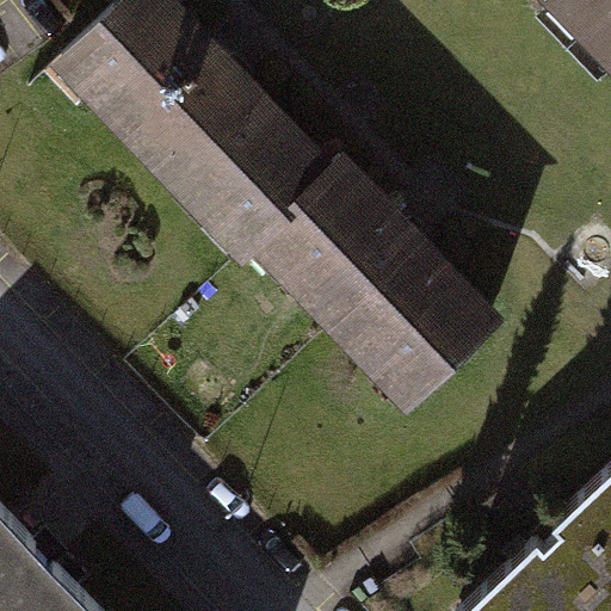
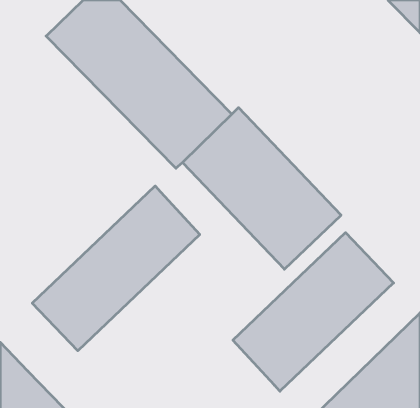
building: none -> [32,186,200,351]
building: none -> [233,233,394,391]

